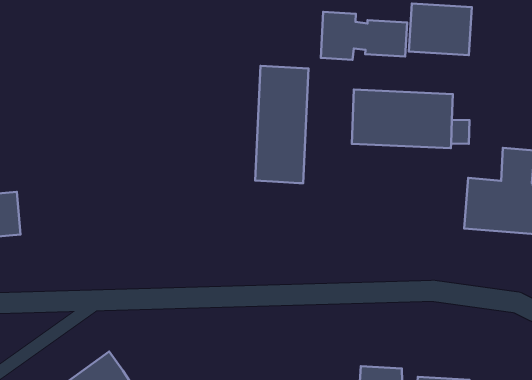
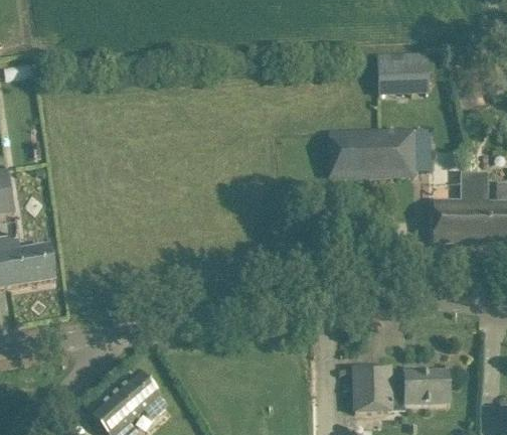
building: [321,12,407,60] -> none
building: [255,66,309,183] -> none

